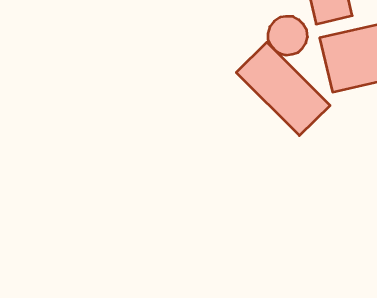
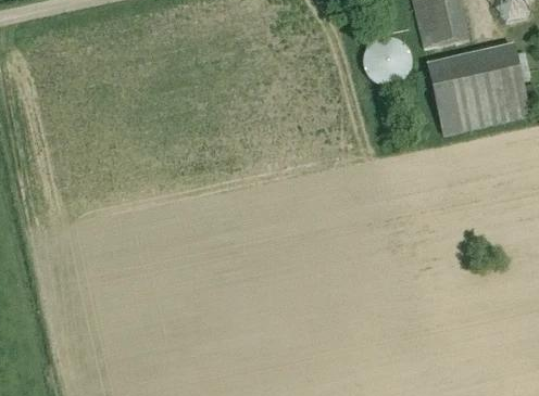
building: [236,42,330,136] -> none

